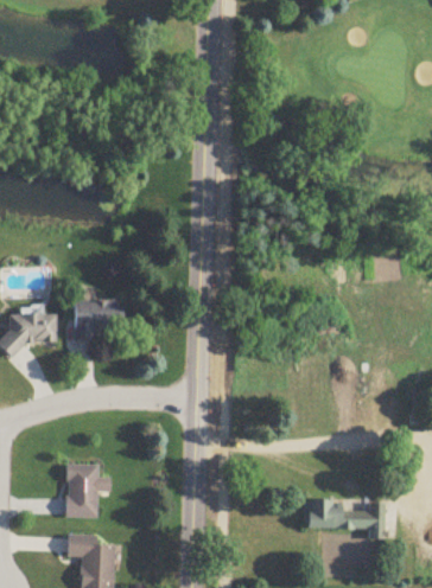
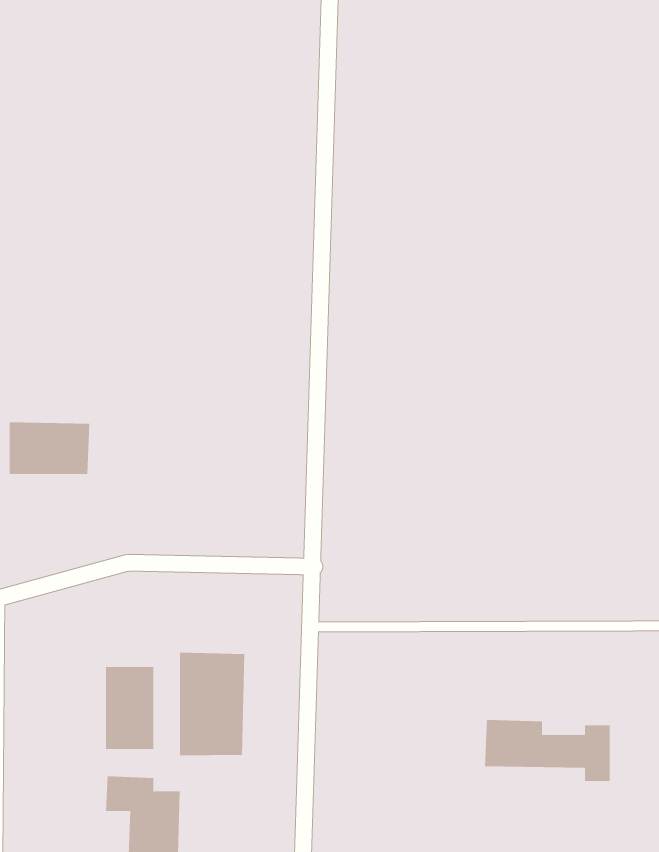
building: [74,299,121,338] -> none
building: none -> [179,652,245,756]

